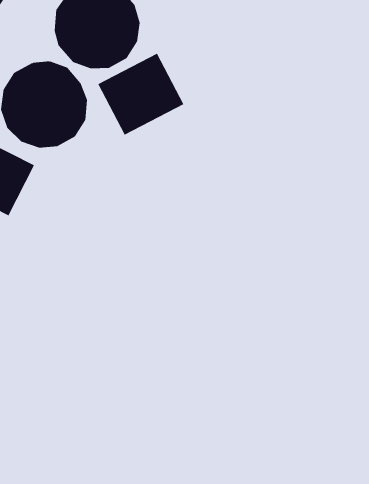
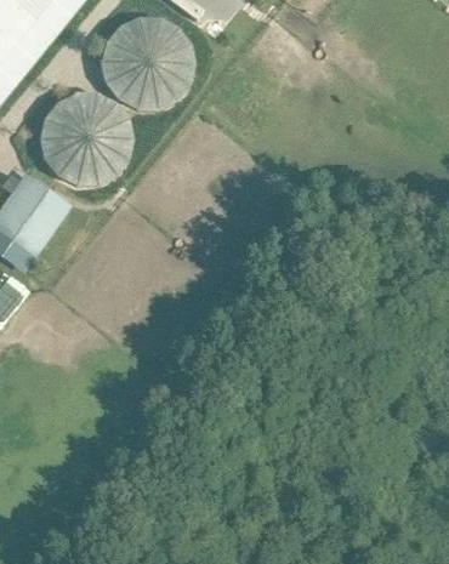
building: [97,53,184,135] -> none

